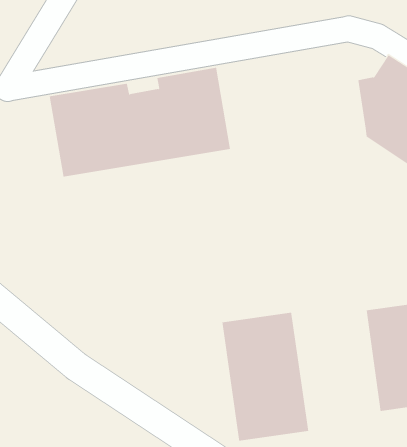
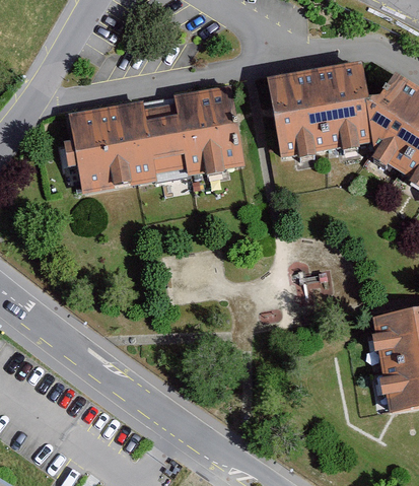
building: none -> [267,62,371,158]
building: [222,312,309,441] -> none

